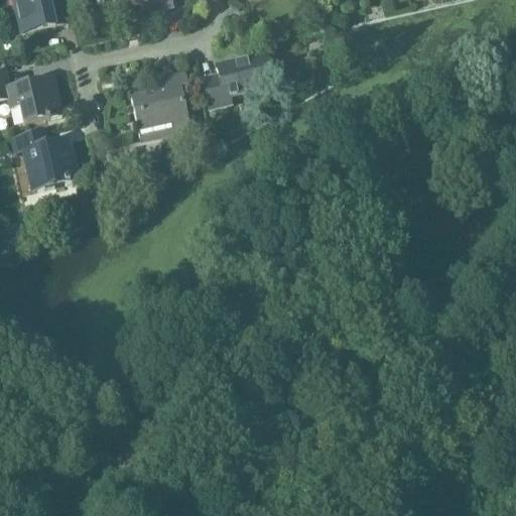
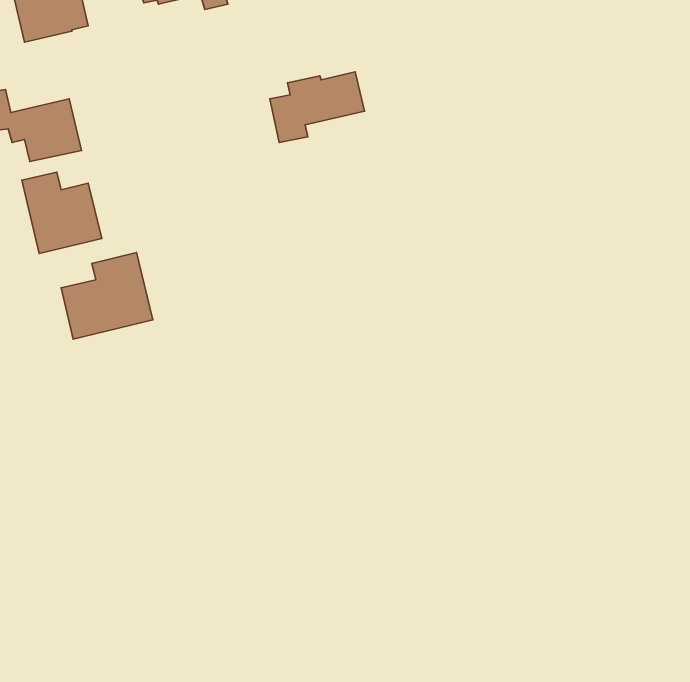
building: [128,70,196,133] -> none
building: none -> [61,253,153,339]

